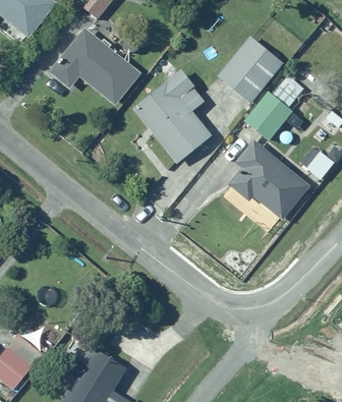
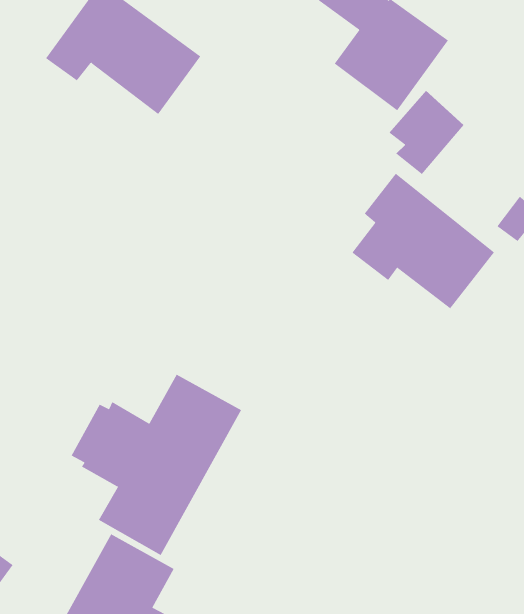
building: [129,67,212,164] -> none
building: none -> [71,374,242,556]

